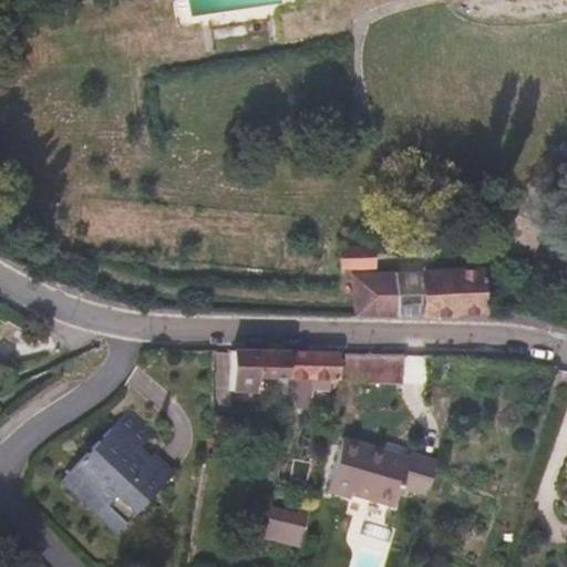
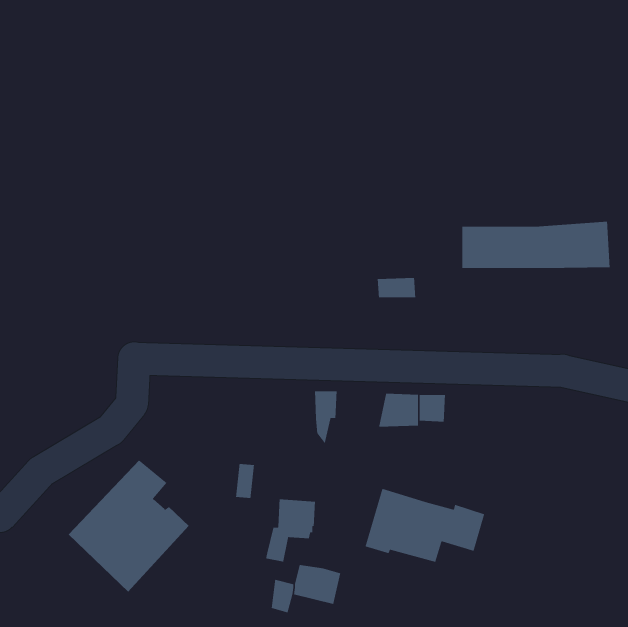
building: [353,272,487,316] -> [461,221,610,269]
building: [233,350,285,392] -> none
building: [292,351,338,409] -> [265,499,316,563]

